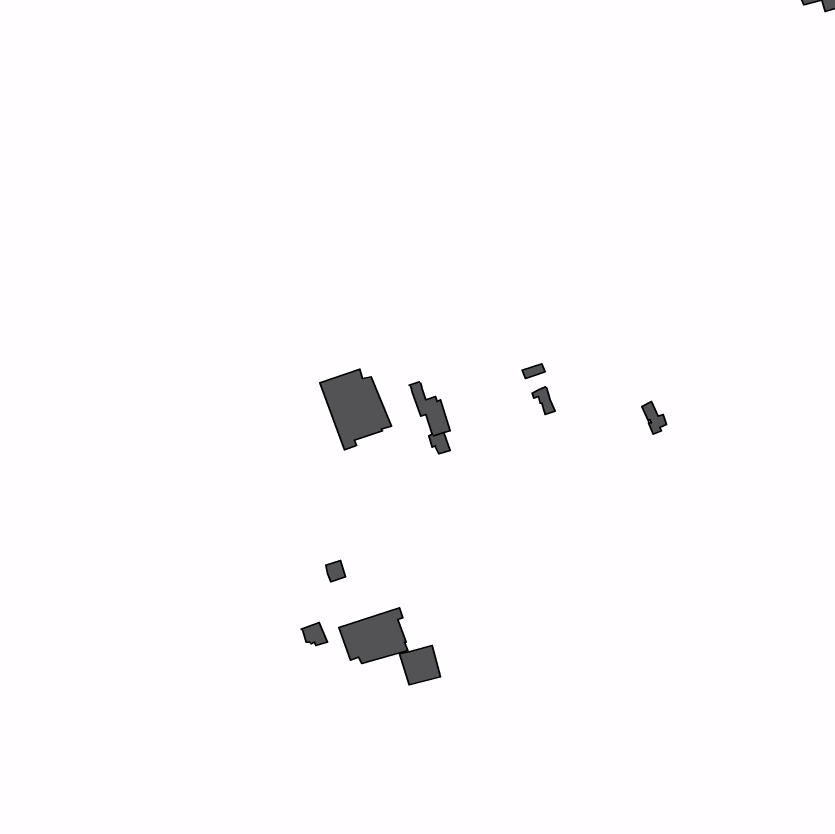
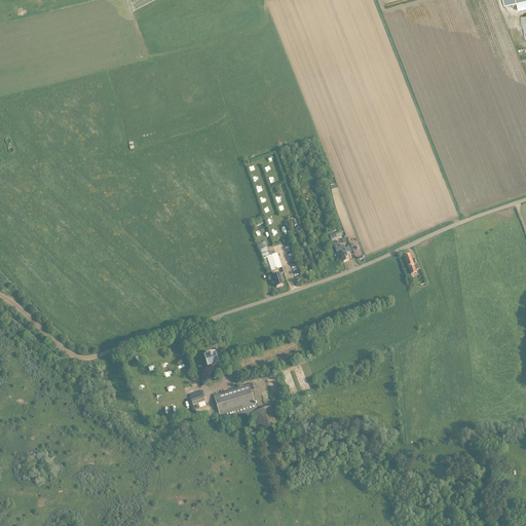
building: [320,369,392,450] -> none

